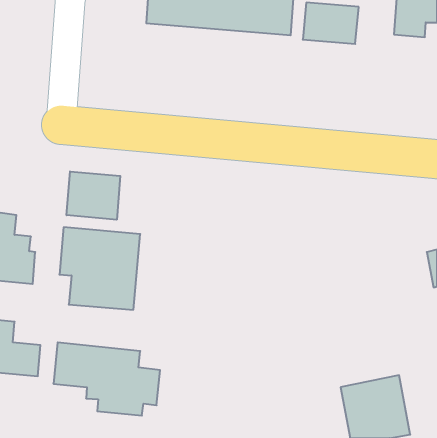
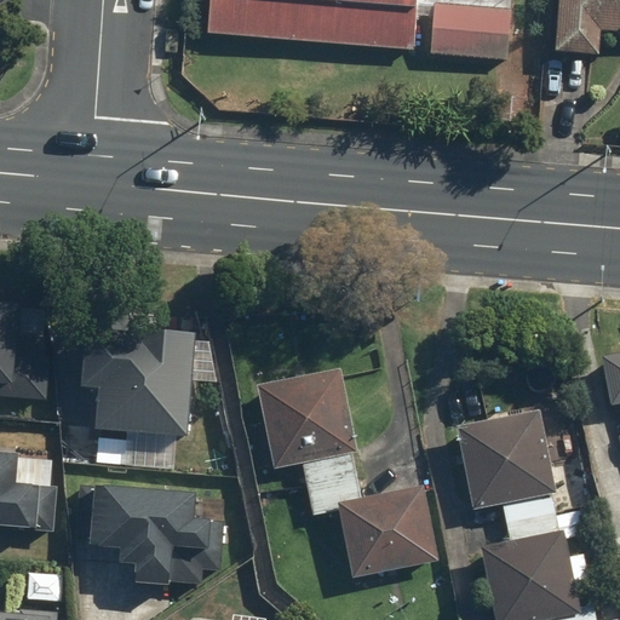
building: [67,171,120,220] -> none
building: none -> [256,367,440,578]
building: none -> [457,409,555,509]

